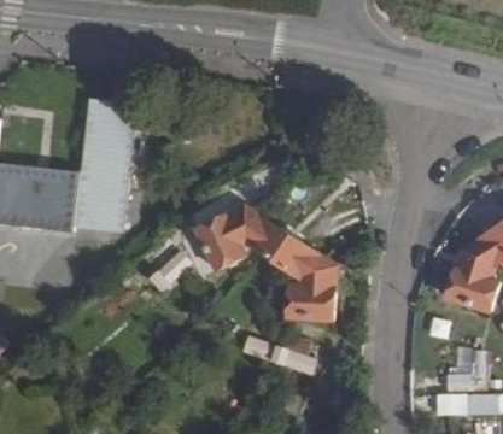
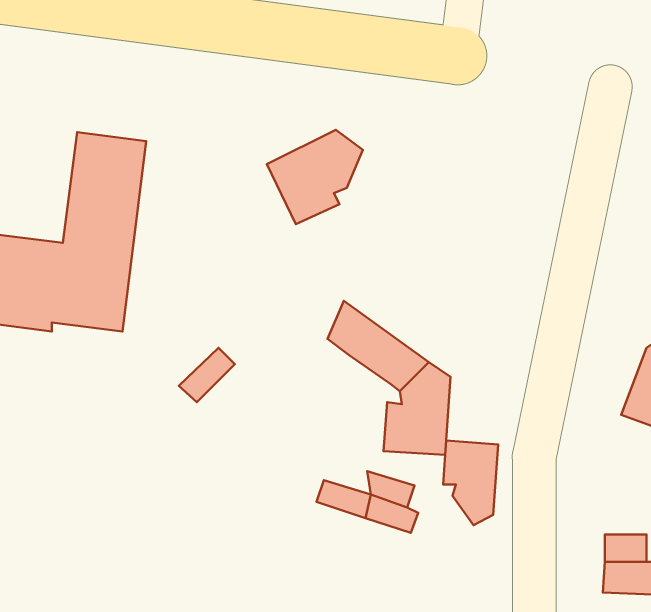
building: [200,203,264,265] -> [267,130,363,224]
building: none -> [443,440,498,525]

